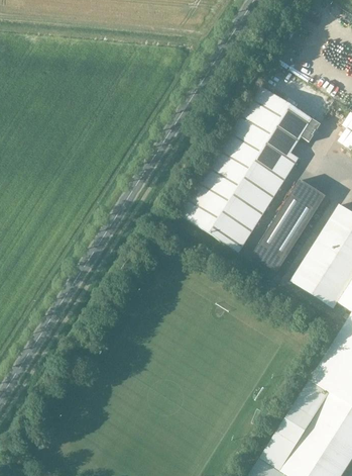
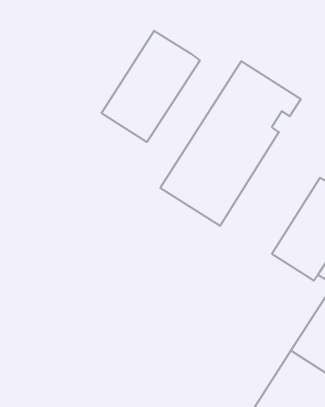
building: none -> [102,31,200,142]
building: [253,180,328,272] -> none

